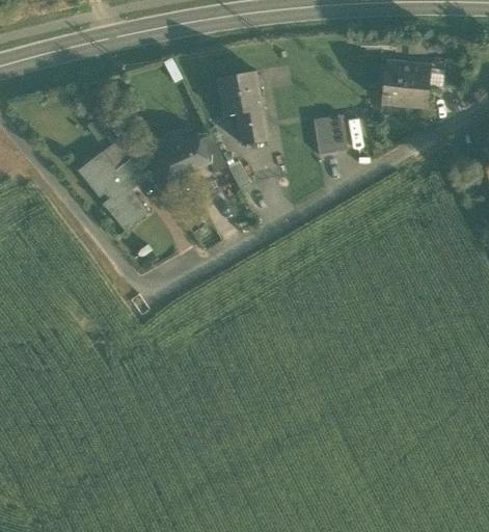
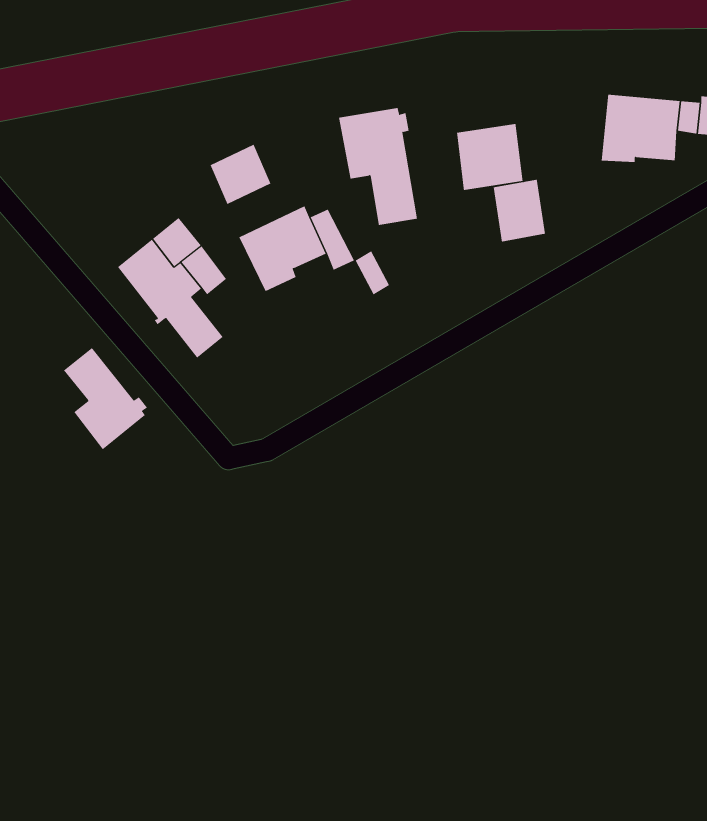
building: none -> [456,123,523,191]
building: none -> [210,144,271,205]
building: none -> [63,347,148,450]

